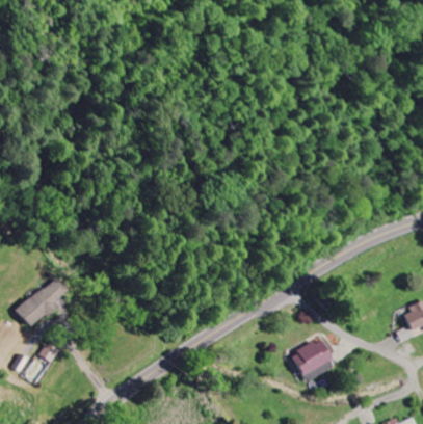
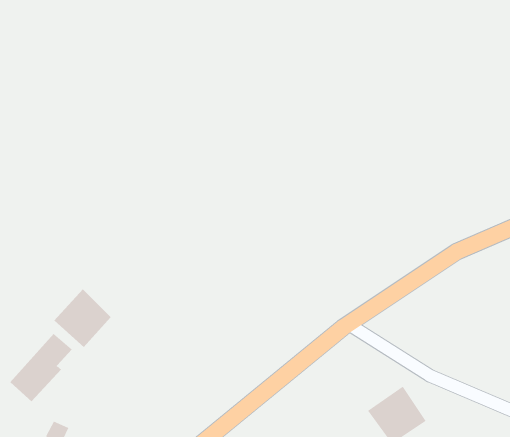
building: none -> [53,289,112,348]

